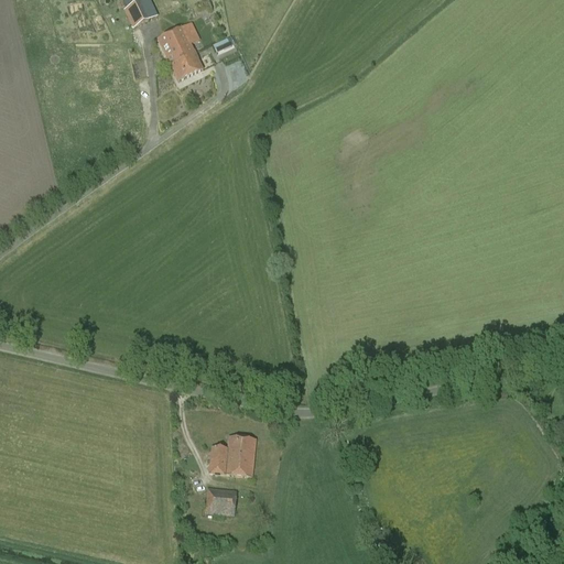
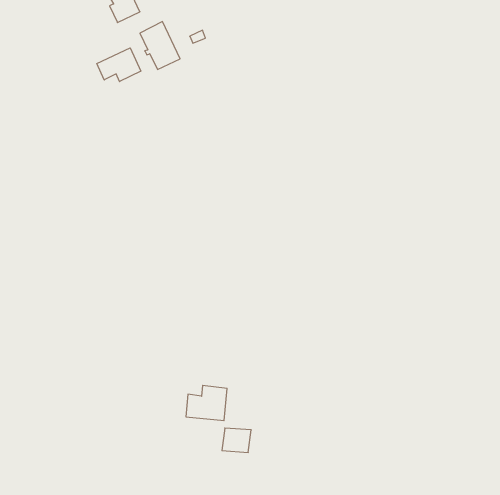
building: none -> [97,48,141,82]
building: [204,486,237,513] -> [222,428,251,452]

